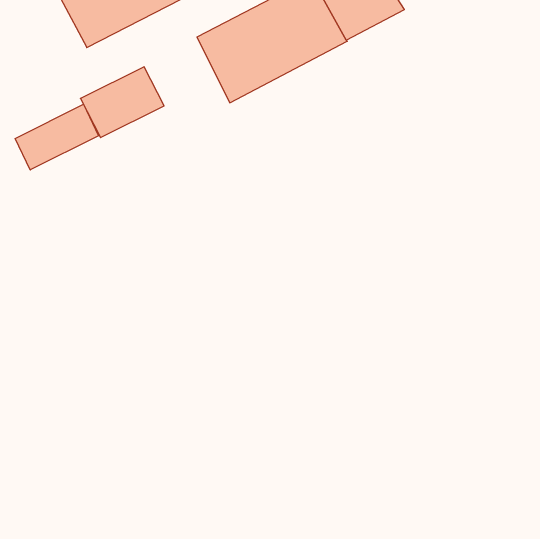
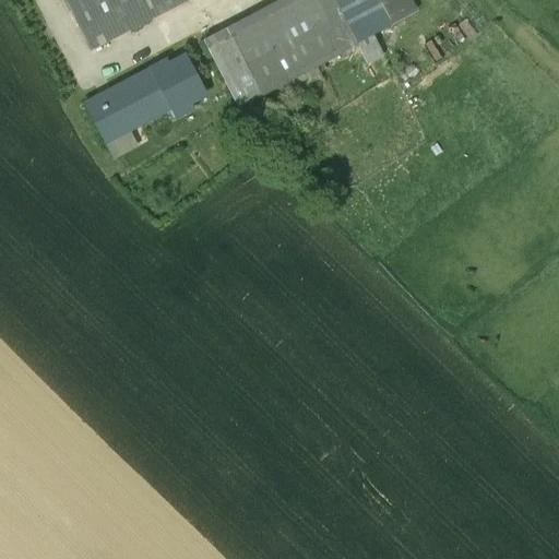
building: none -> [150,53,209,117]
building: [15,104,99,170] -> none

